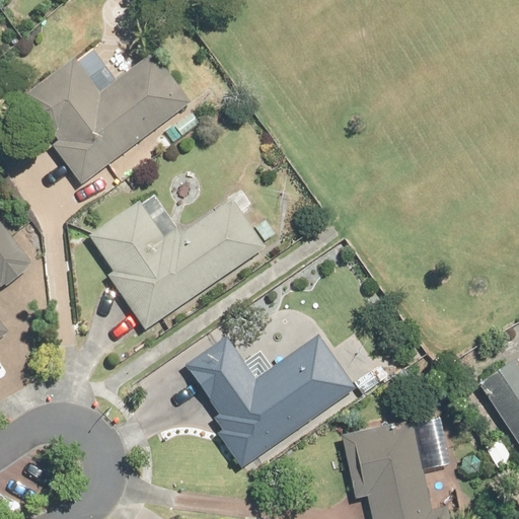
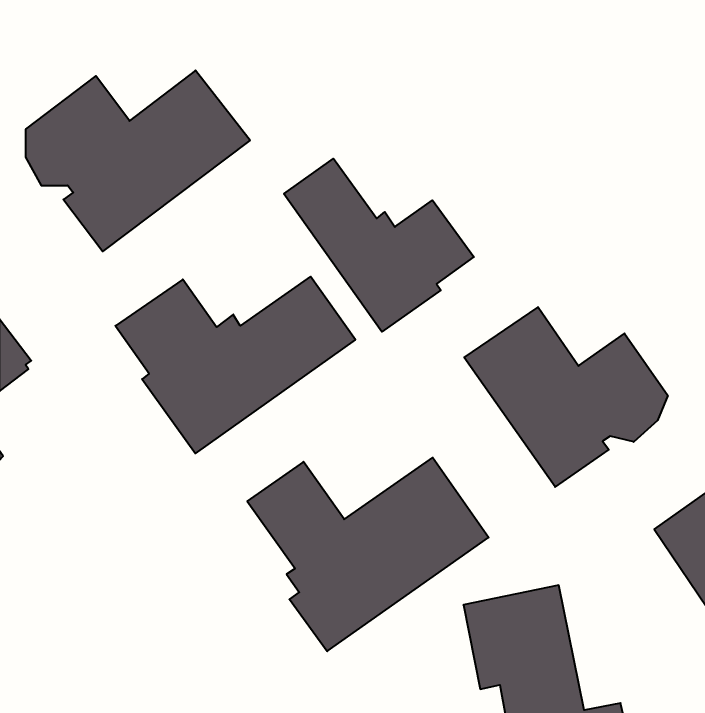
building: none -> [284,159,474,332]
building: none -> [464,307,668,487]

